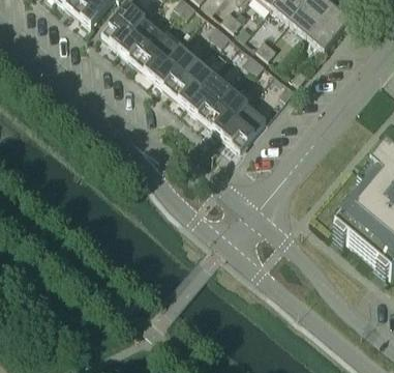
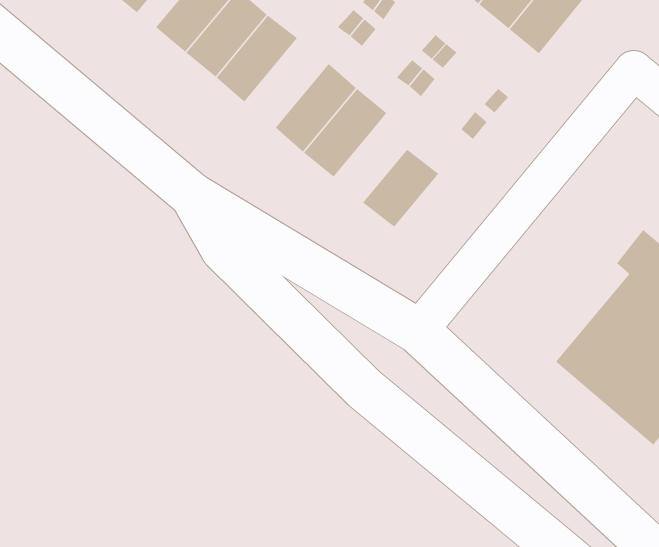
building: [153,40,202,92] -> none
building: [205,90,247,136] -> none

